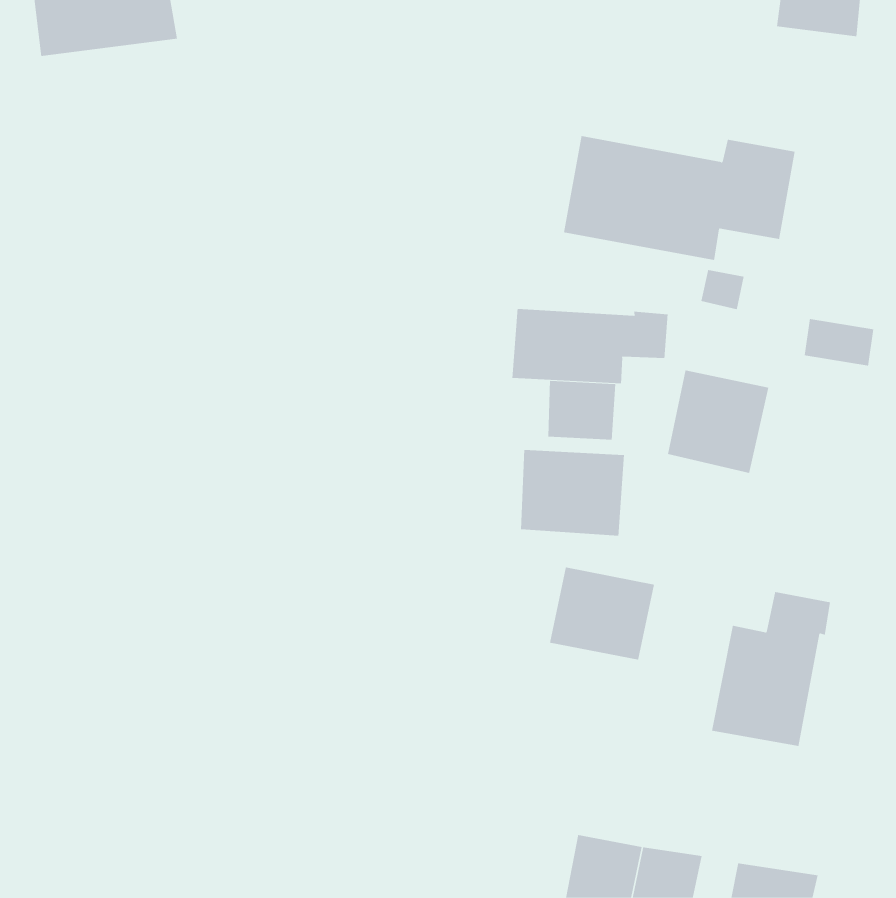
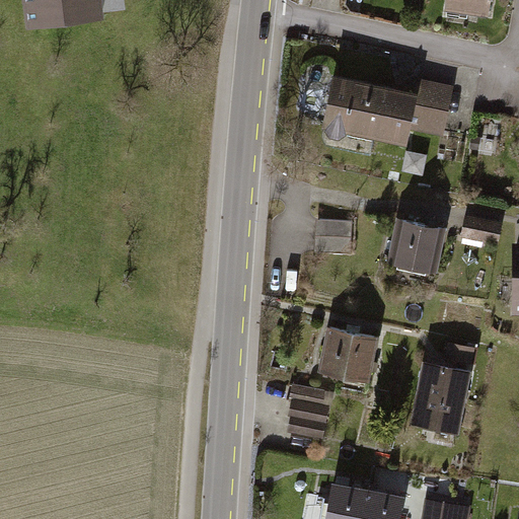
building: [512,308,668,384] -> none
building: [804,319,874,366] -> [459,217,500,244]
building: [520,449,625,536] -> none
building: none -> [291,401,328,437]

